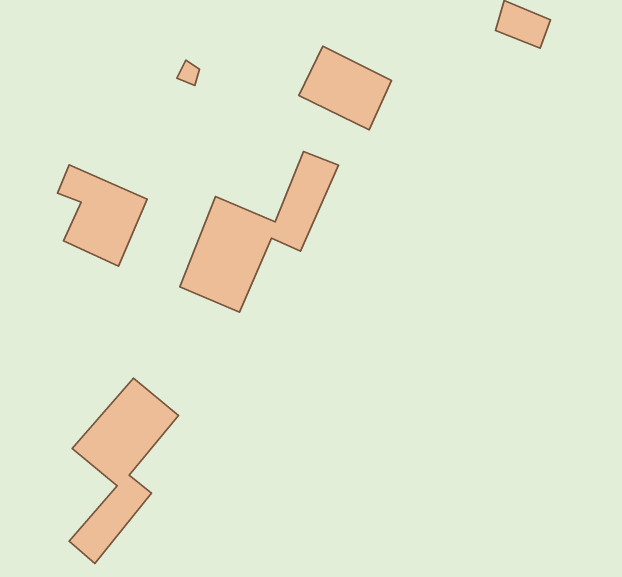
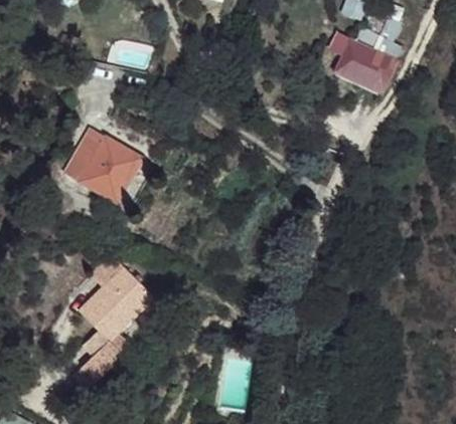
building: [299,46,392,130] -> [331,34,394,90]
building: [180,151,339,312] -> none

